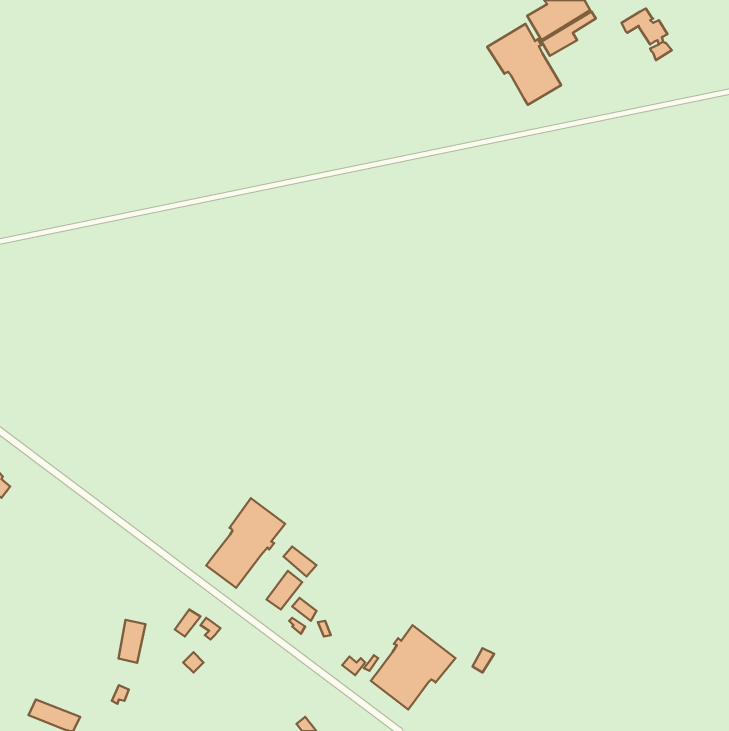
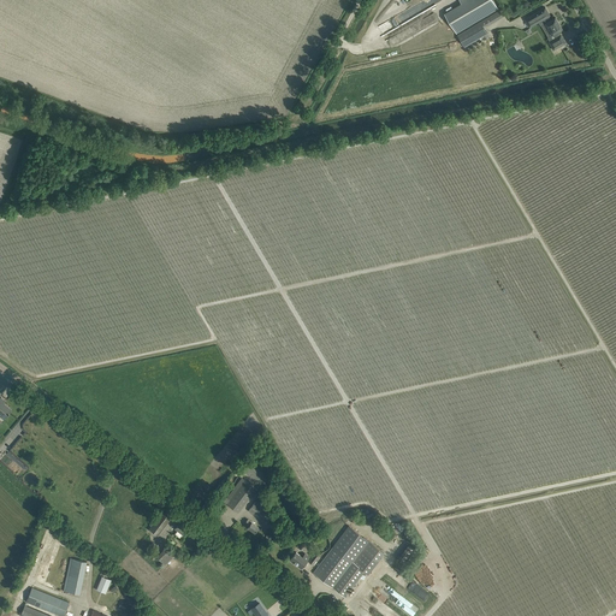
building: [487,24,561,105] -> none
building: [206,498,285,588] -> none
building: [118,620,146,663] -> [61,558,84,594]

